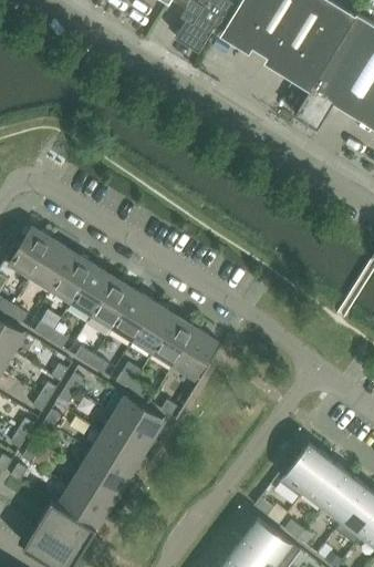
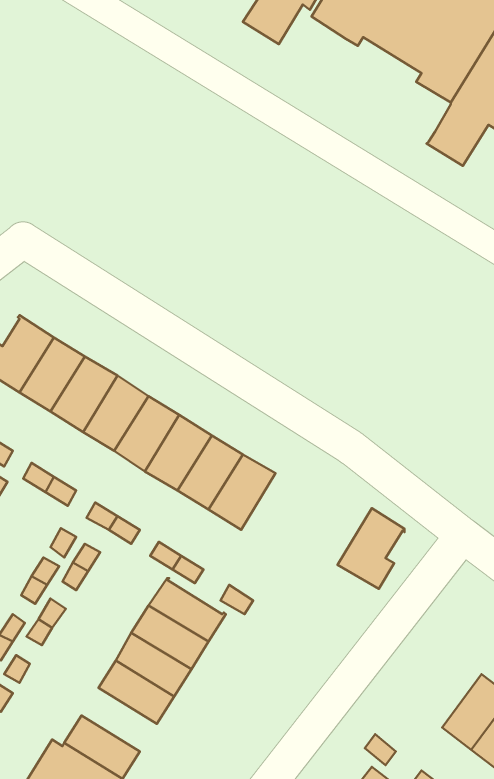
building: [174,328,217,380] -> [338,508,405,589]
building: [279,443,329,496] -> none
building: [71,466,120,507] -> none

